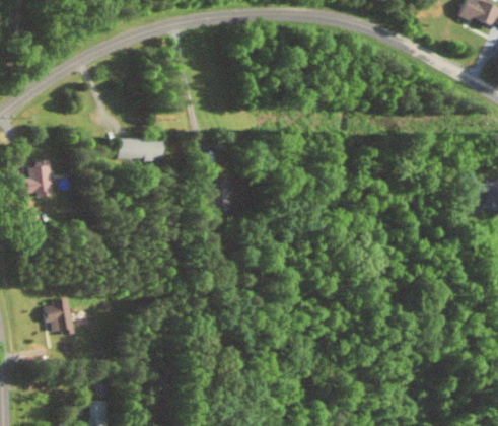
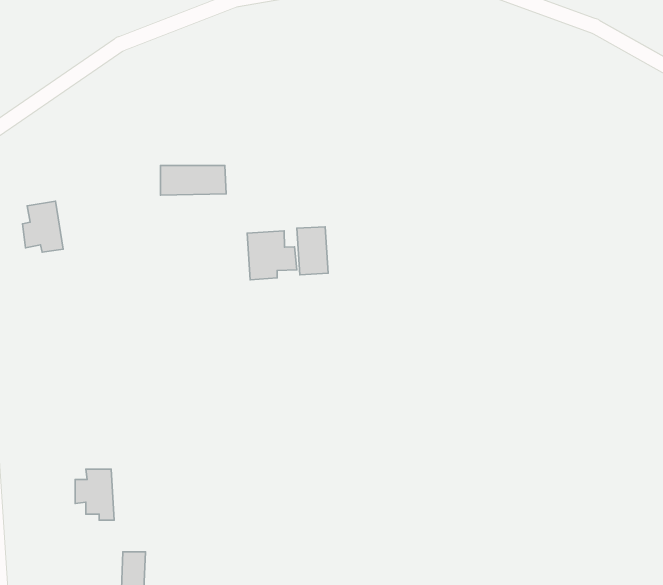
building: none -> [247,231,297,280]
building: [47,300,73,335] -> [75,469,114,520]

